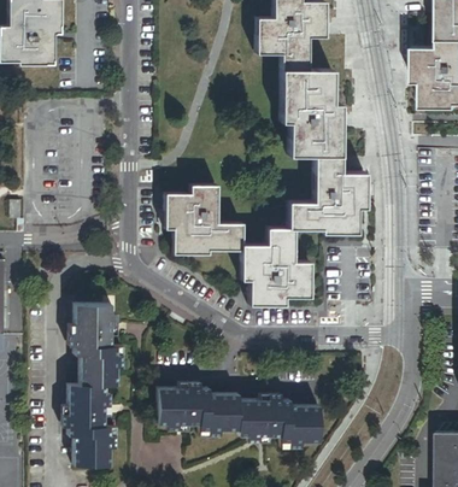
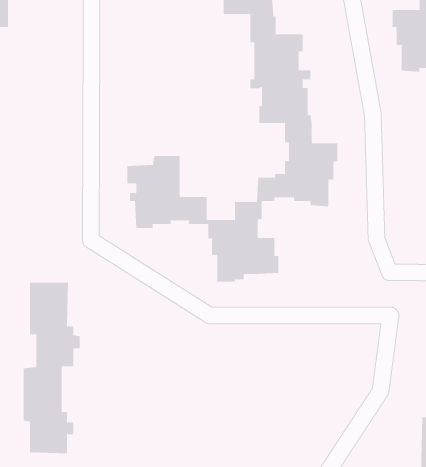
building: [155,388,317,448] -> none

